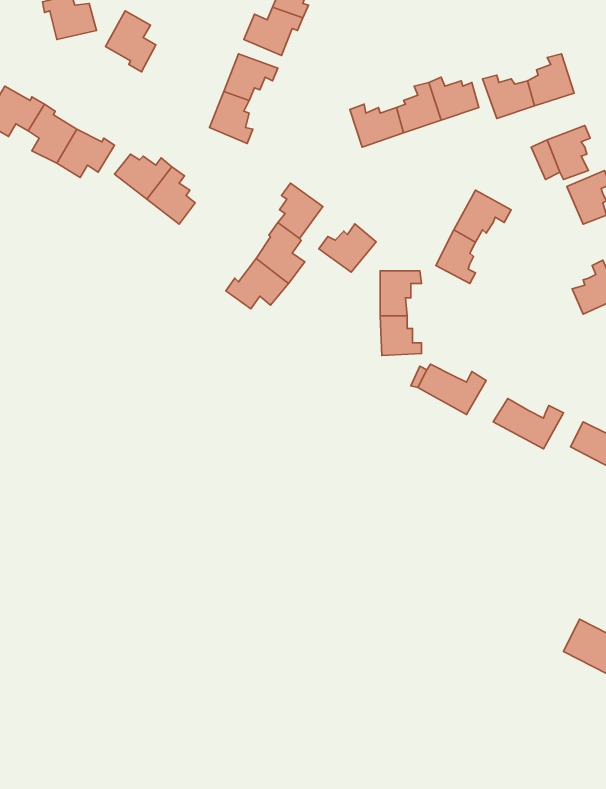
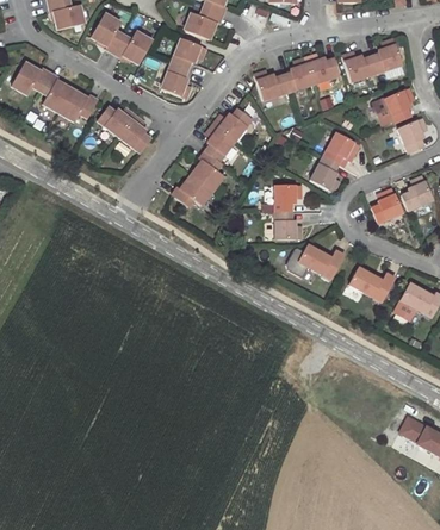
building: none -> [116,30,154,62]
building: [319,224,376,272] -> [215,108,253,141]
building: none -> [372,189,403,224]

